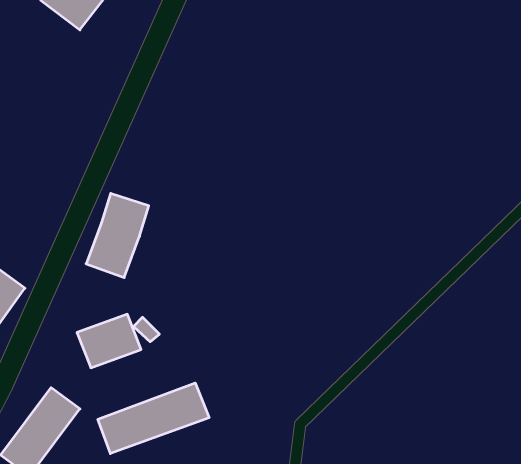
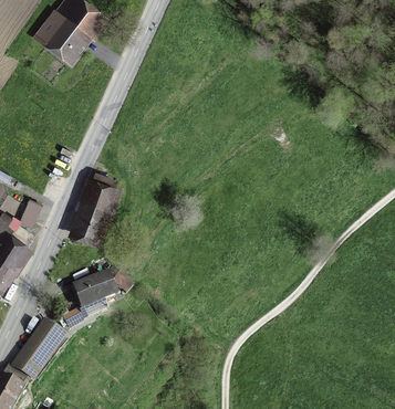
building: none -> [19,196,44,228]
building: [98,383,209,454] -> none

